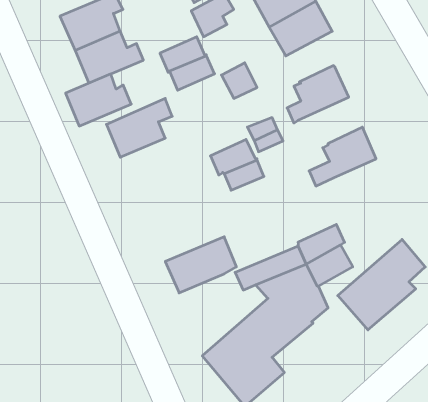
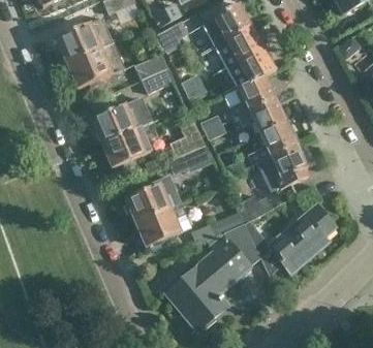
building: none -> [228,49,275,87]
building: [66,74,131,126] -> [103,129,153,168]
building: none -> [238,98,286,133]
building: none -> [265,145,308,189]
building: none -> [127,175,182,222]

